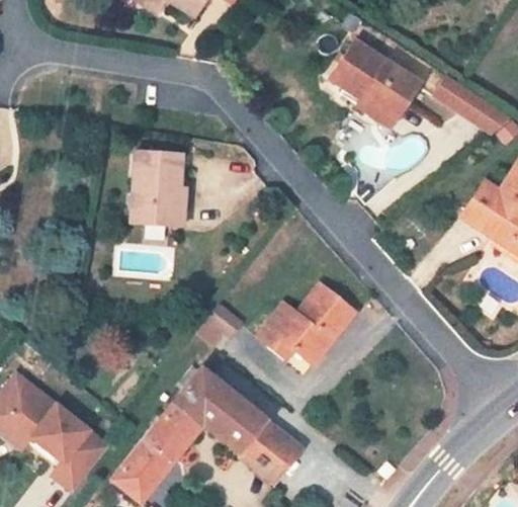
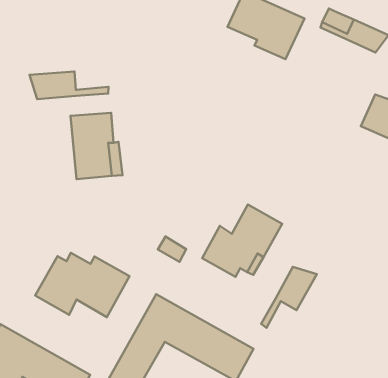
building: none -> [30,72,108,99]
building: none -> [35,253,130,317]
building: none -> [261,267,317,328]

